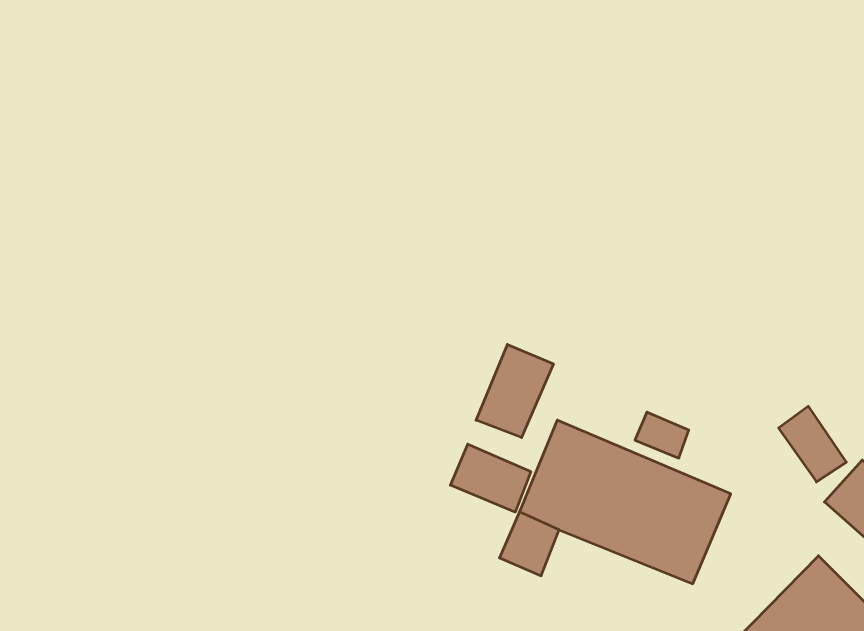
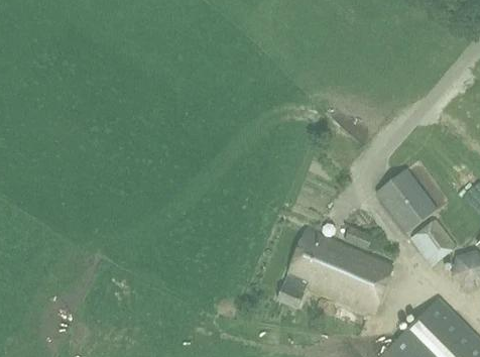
building: none -> [376,168,437,232]
building: [476,344,553,438] -> none
building: [450,444,531,512] -> none

